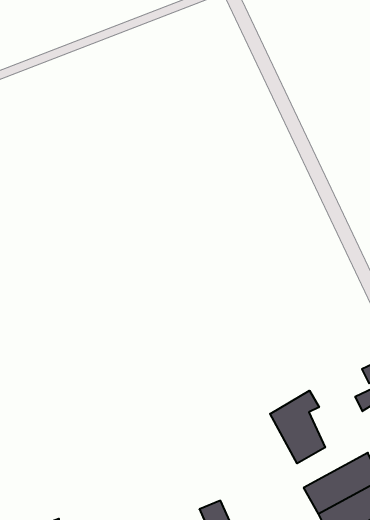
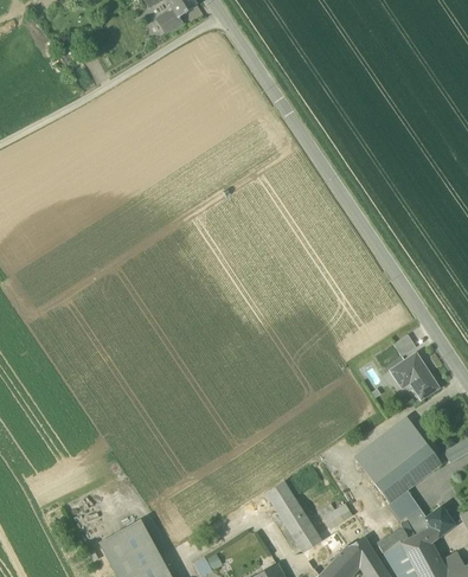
building: [270,391,325,463] -> none

